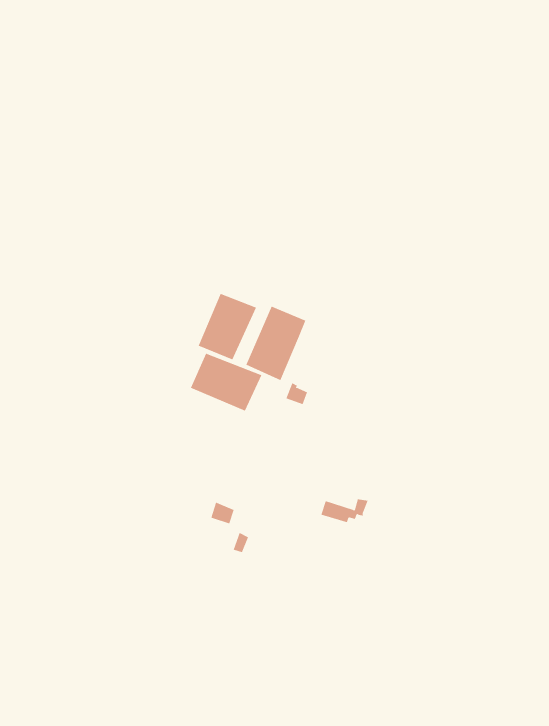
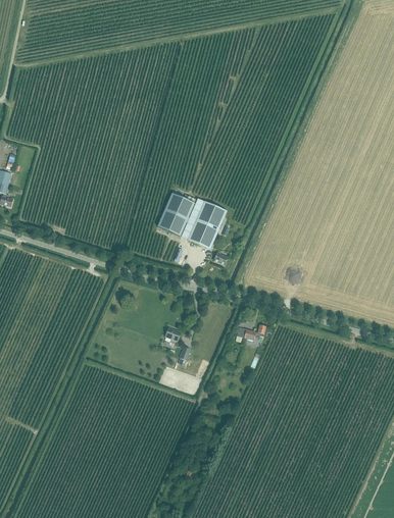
building: [190,353,262,412] -> none

